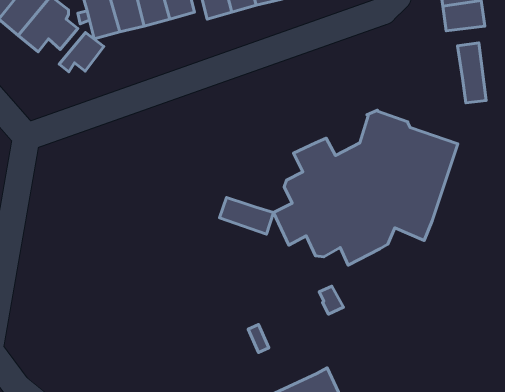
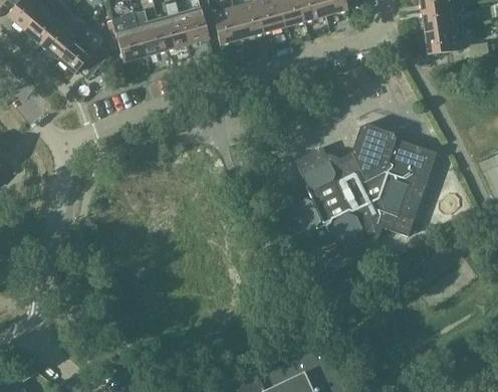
building: [59,32,104,72] -> none
building: [458,43,486,103] -> none
building: [219,197,274,234] -> none

